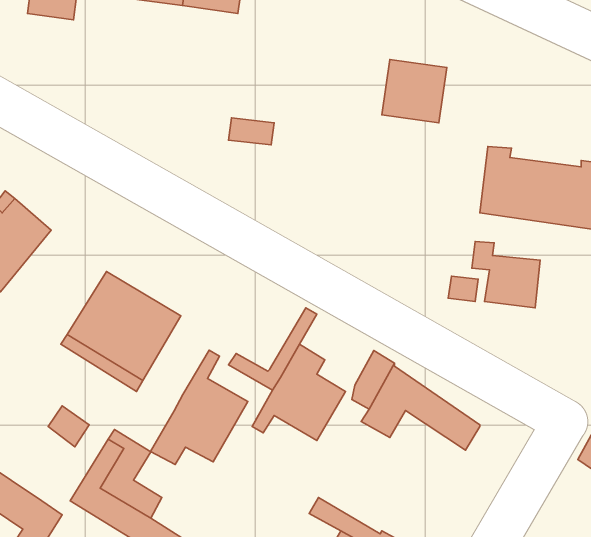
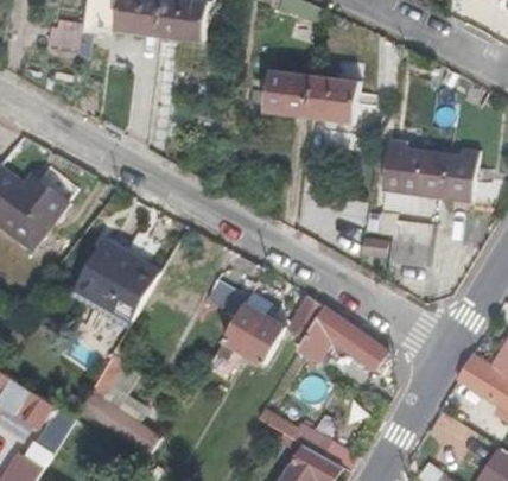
building: none -> [268,71,318,119]
building: [150,350,248,464] -> none

